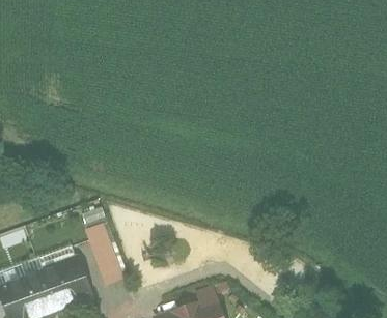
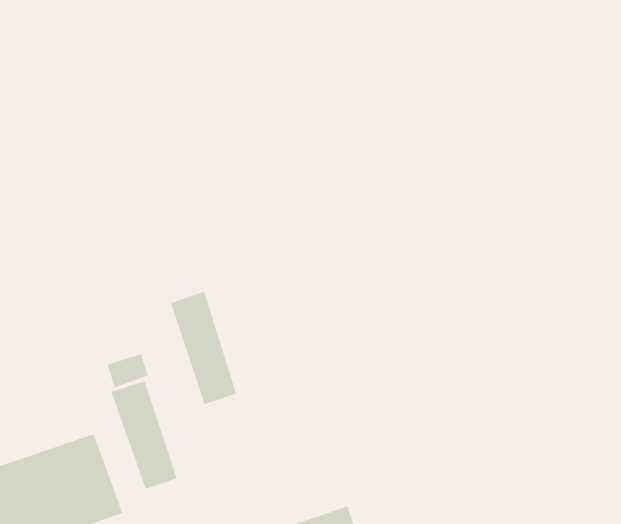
building: none -> [170,291,237,405]

